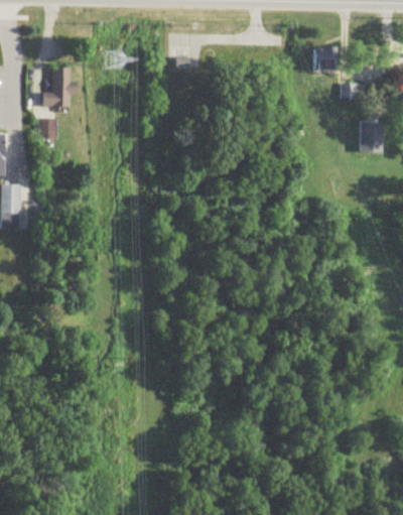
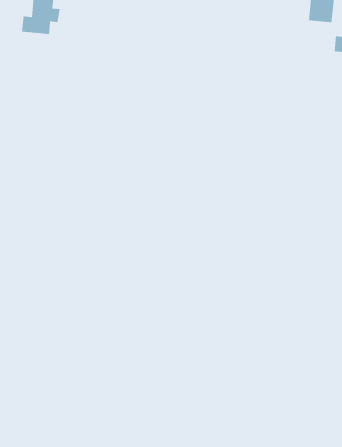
building: [38,119,57,140] -> none

